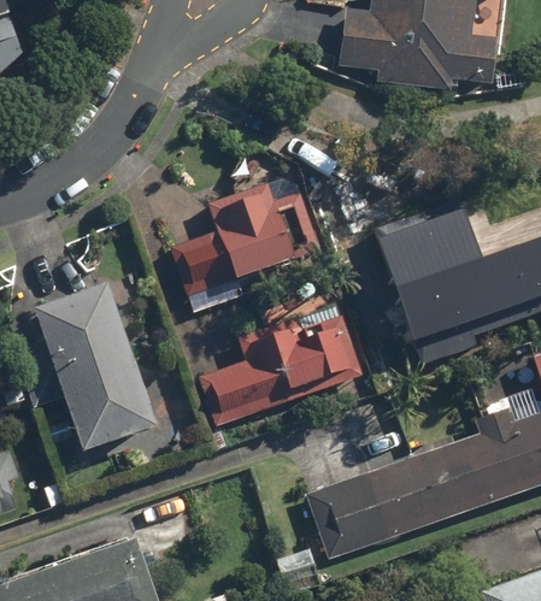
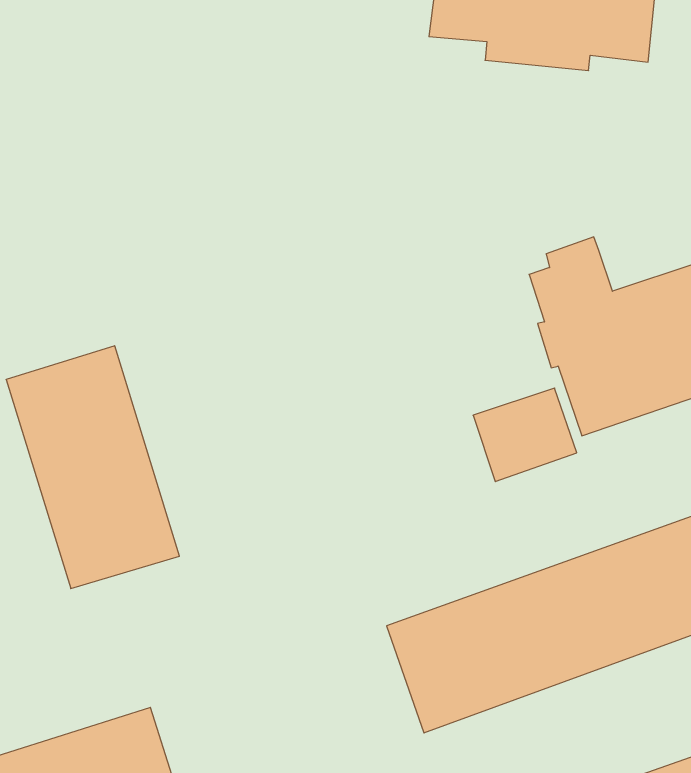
building: [169,183,323,299] -> none
building: [196,313,361,425] -> none

